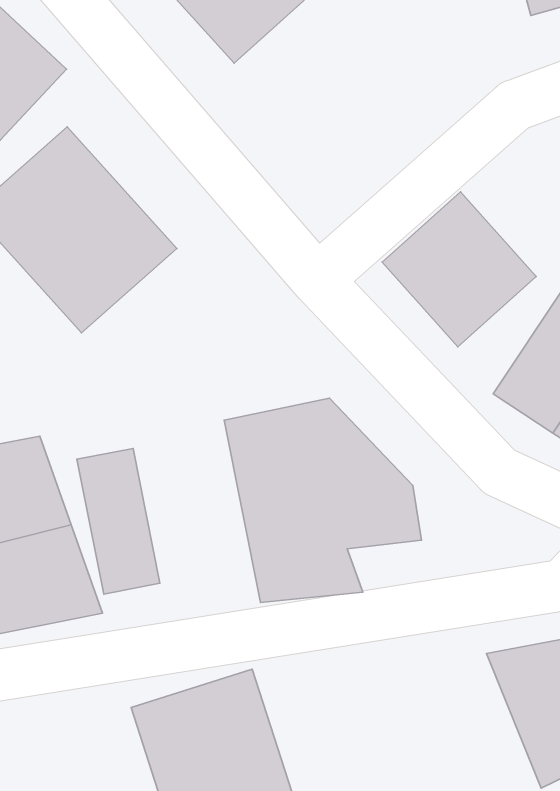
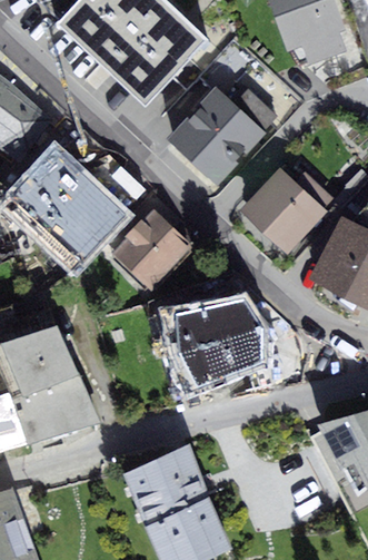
building: none -> [166,86,277,185]
building: none -> [111,208,191,288]
building: [77,448,160,594] -> none

